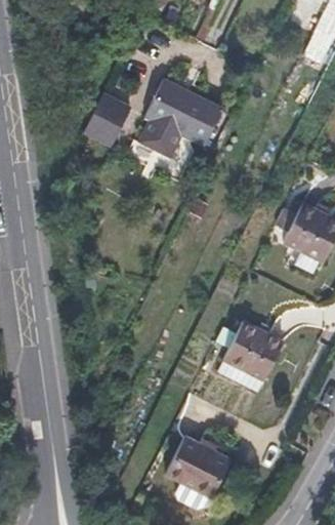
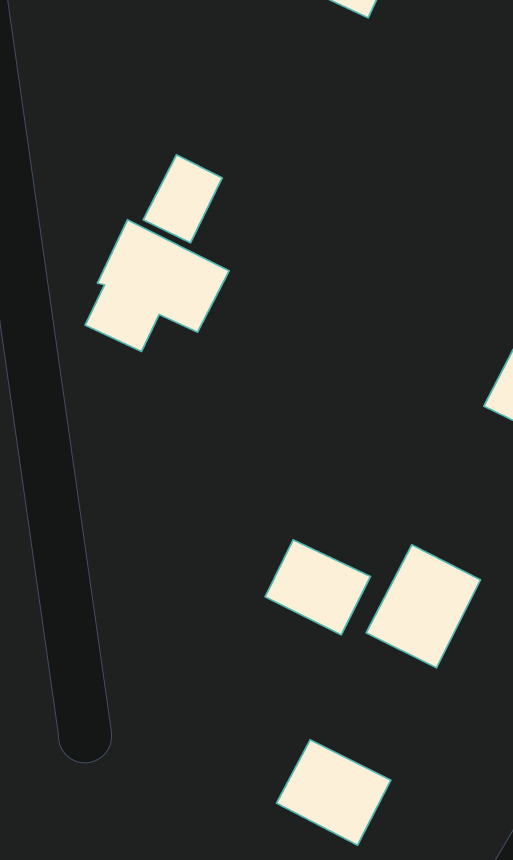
building: [139,78,223,155] -> [85,220,229,352]
building: none -> [265,540,371,635]

